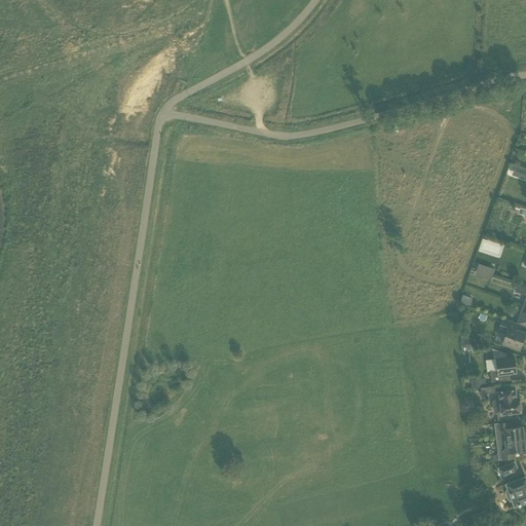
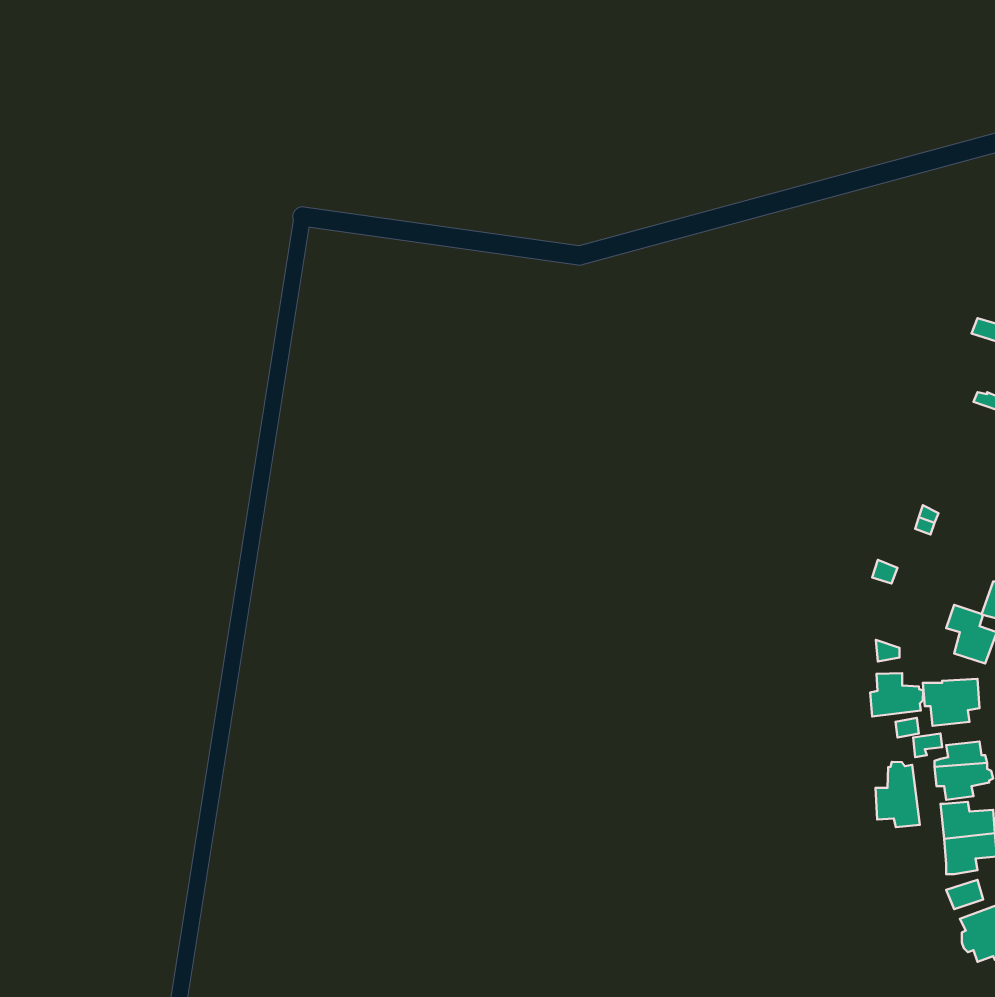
building: none -> [870,673,923,716]
building: none -> [875,762,920,827]

